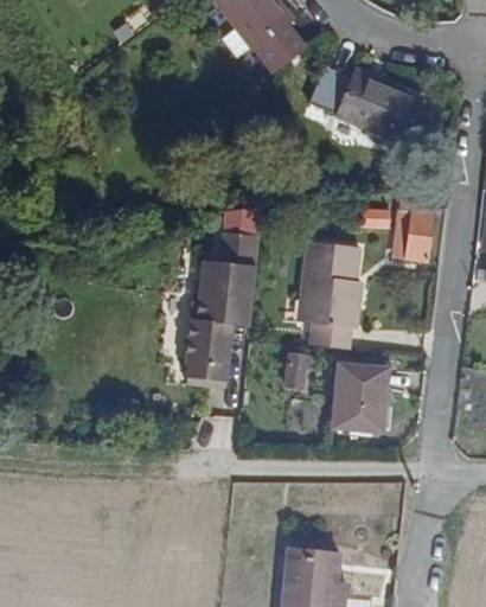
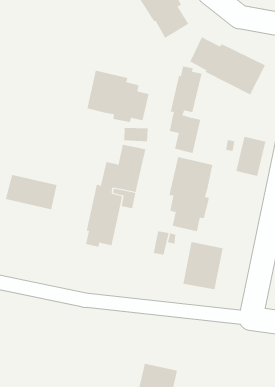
building: none -> [169,65,202,154]
building: none -> [87,70,149,123]
building: none -> [5,174,57,210]

